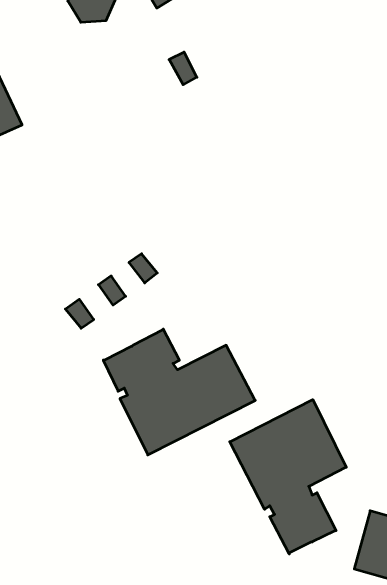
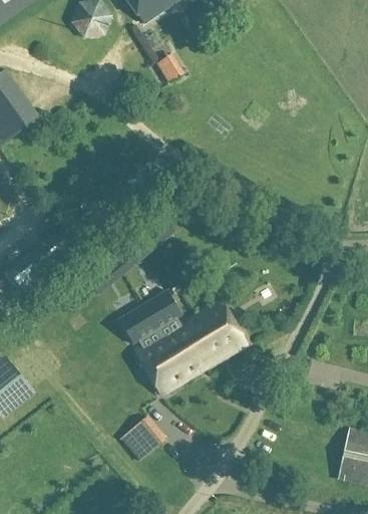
building: [230,400,346,554] -> none
building: none -> [121,418,163,459]

